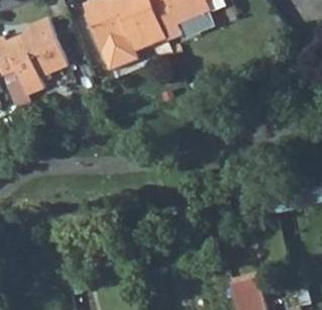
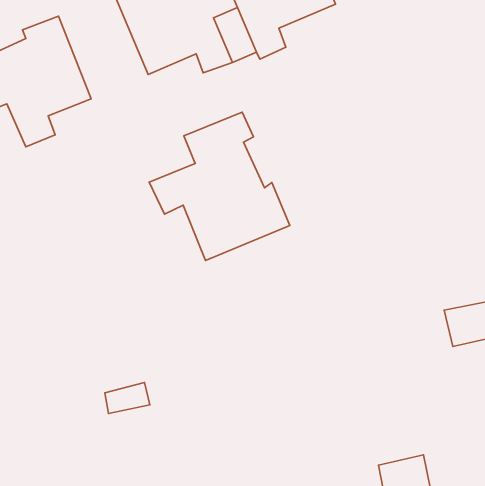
building: none -> [149,112,290,261]

